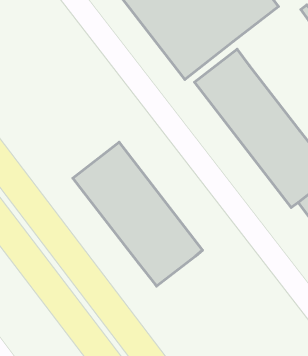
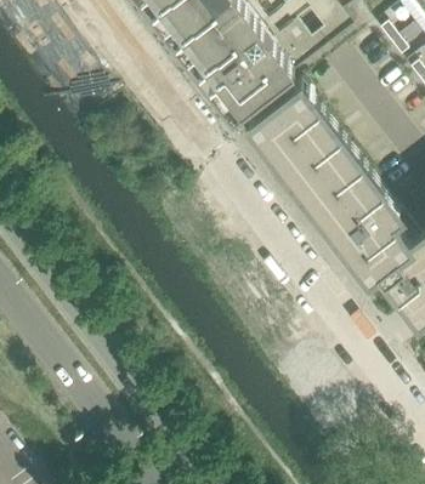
building: [73,142,203,286] -> none

